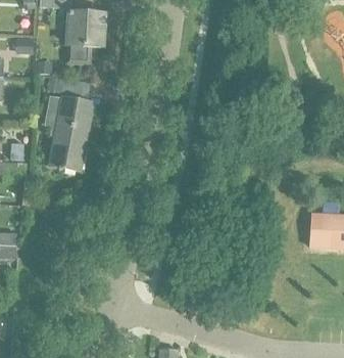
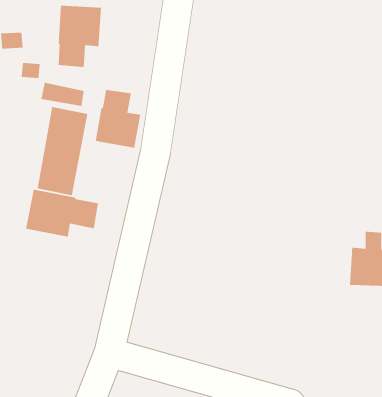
building: none -> [95,89,141,149]
building: none -> [26,189,98,237]

